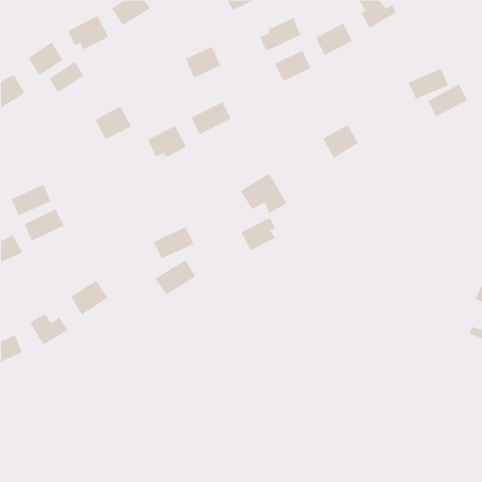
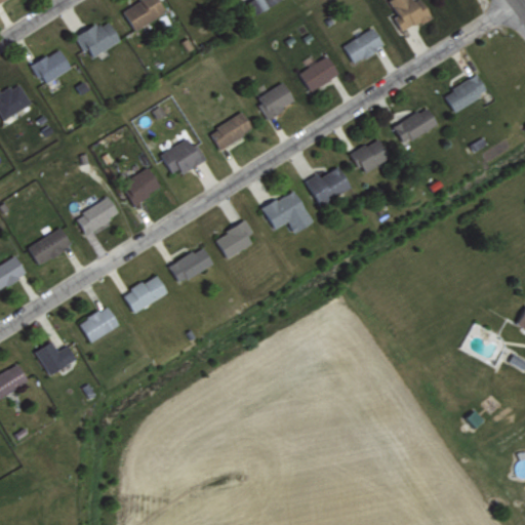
building: [259,17,301,52] -> none
building: [185,46,221,78] -> [256,83,295,118]
building: [49,61,84,93] -> none
building: [427,84,468,117] -> [393,108,437,144]
building: [95,106,132,140] -> [122,167,162,204]
building: none -> [306,167,351,205]
building: [11,184,51,216] -> [76,199,120,234]
building: [241,217,276,251] -> [215,221,253,258]
building: [154,260,196,296] -> [123,275,168,314]

